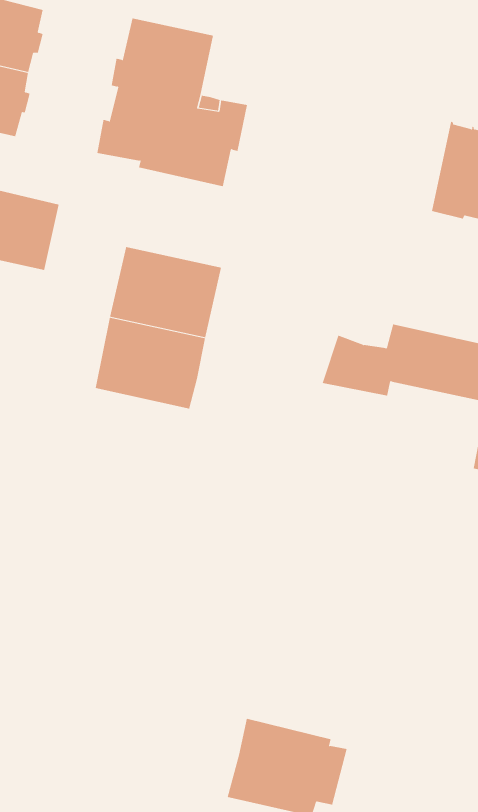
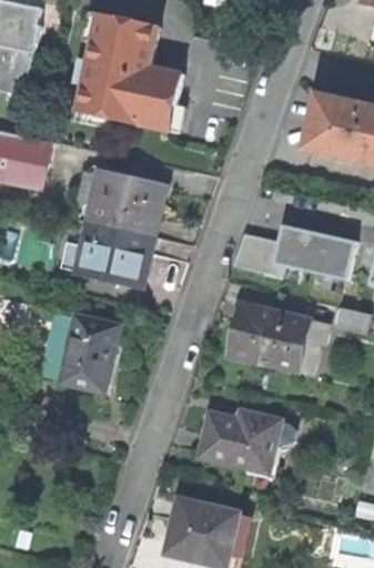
building: none -> [229,305,321,374]
building: none -> [58,316,118,393]
building: none -> [199,410,279,470]

